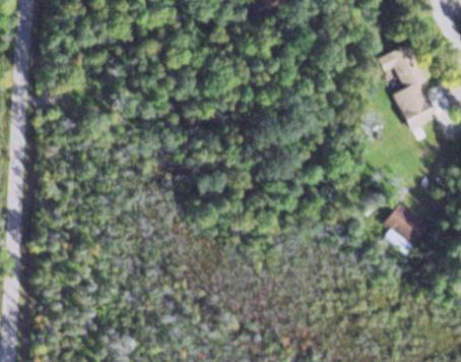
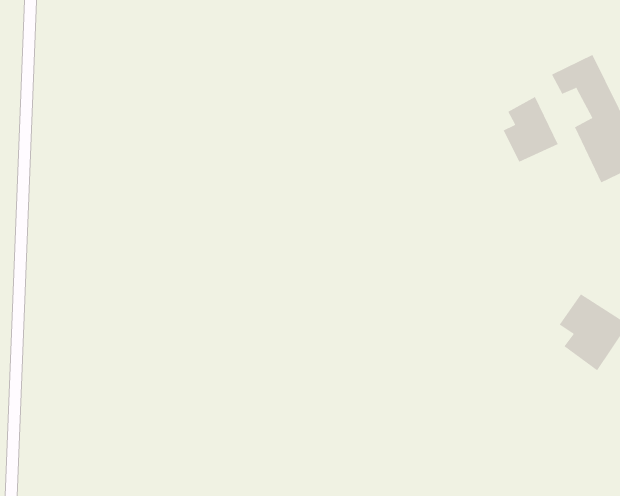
building: none -> [503,96,558,162]

